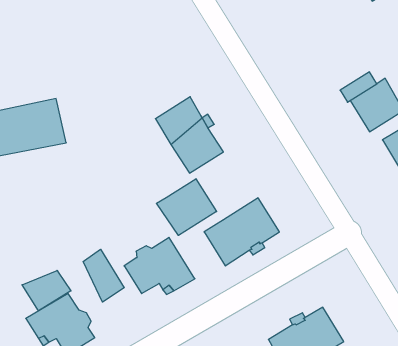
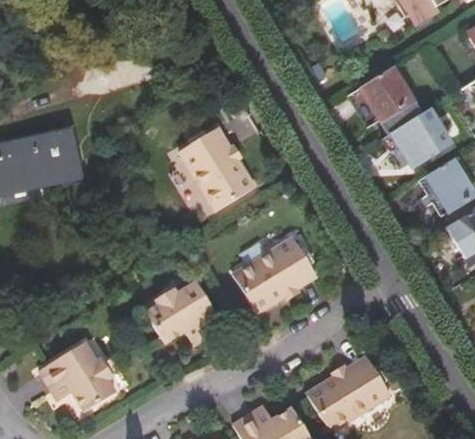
building: none -> [362,69,413,121]
building: [156,179,217,235] -> none
building: [83,249,124,302] -> none
building: [22,270,71,311] -> none

